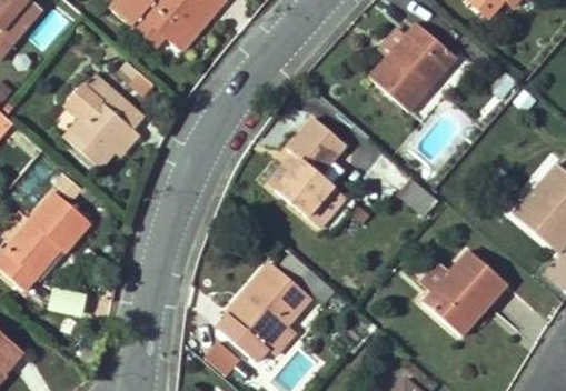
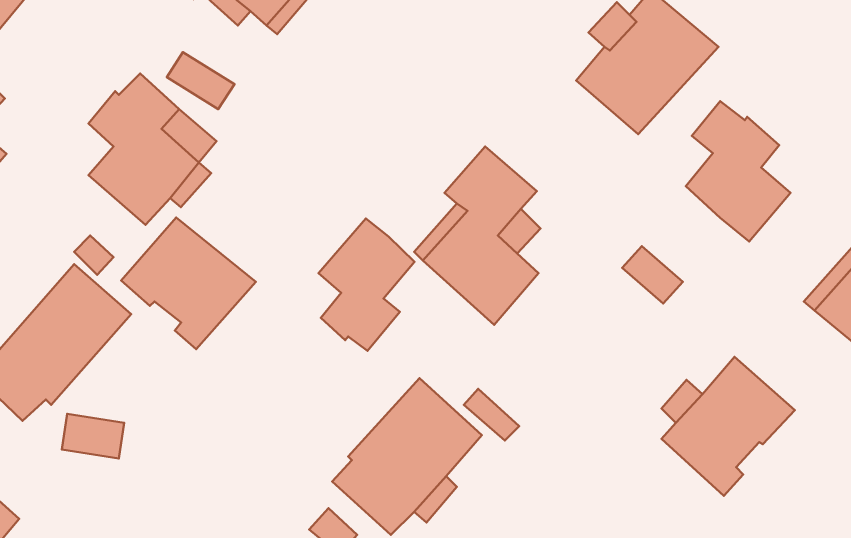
building: none -> [686,101,791,241]
building: none -> [121,218,256,349]
building: none -> [319,219,414,351]

